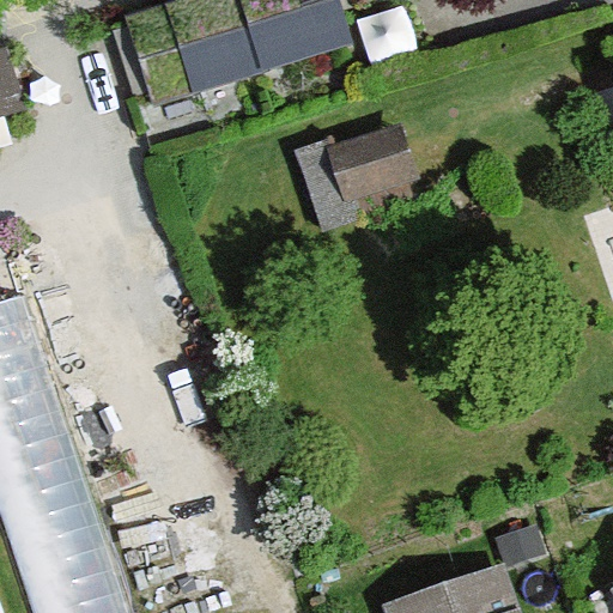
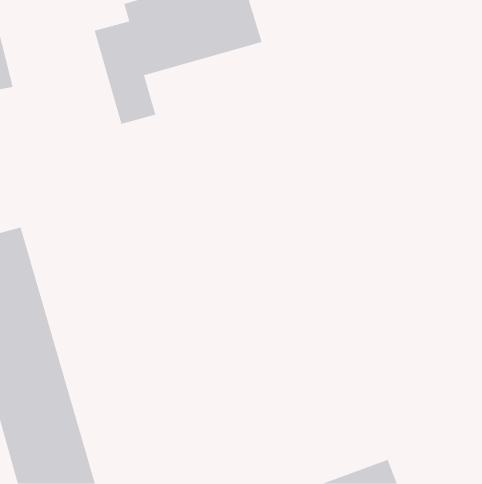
building: [309,110,411,207] -> none

